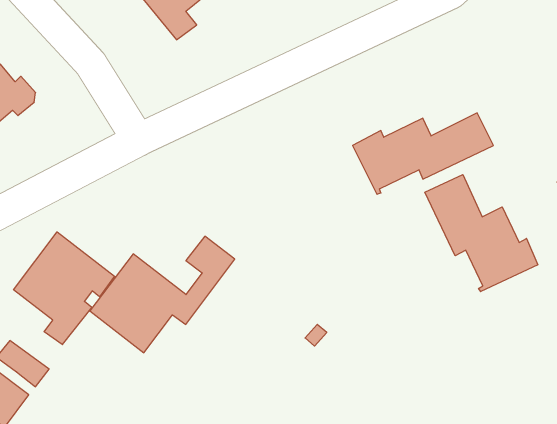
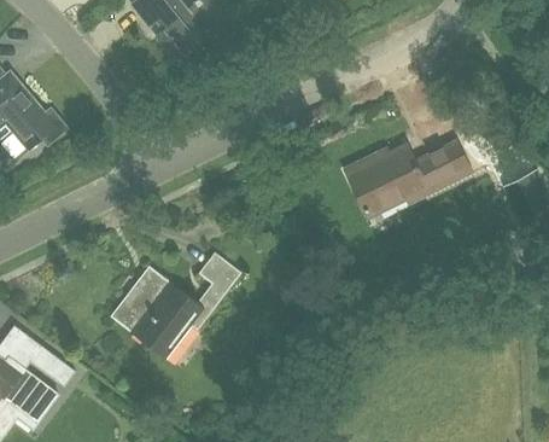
building: [425,175,538,292] -> none
building: [14,232,115,345] -> none

